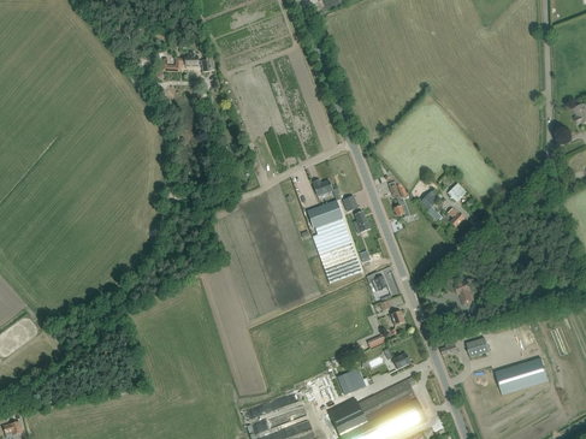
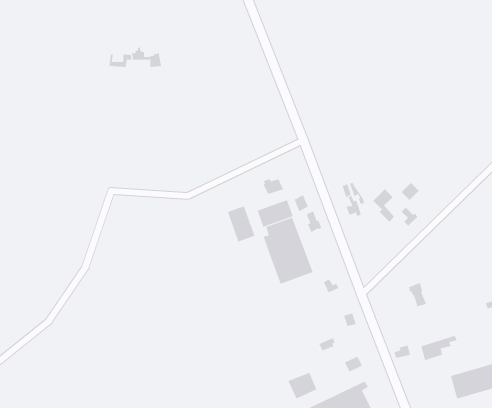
building: none -> [227,205,255,243]

